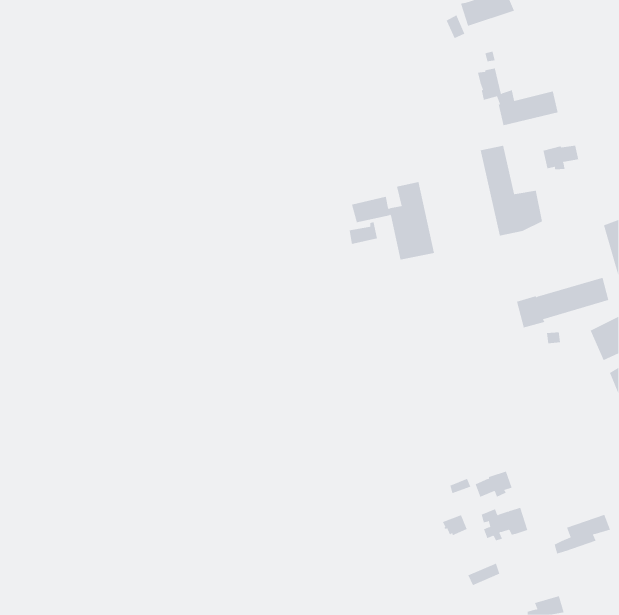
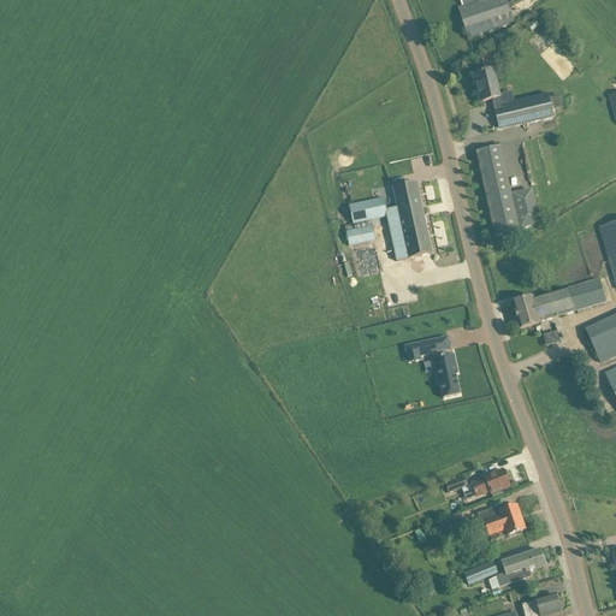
building: [543,145,579,170] -> none
building: none -> [417,337,460,396]
building: [554,514,611,554] -> [490,547,546,587]

